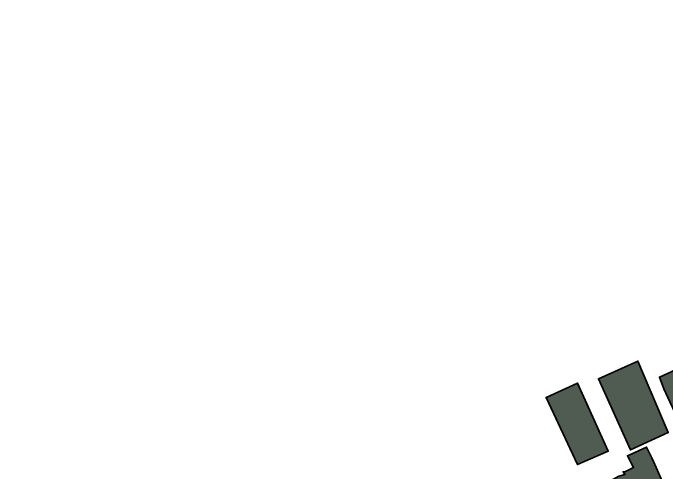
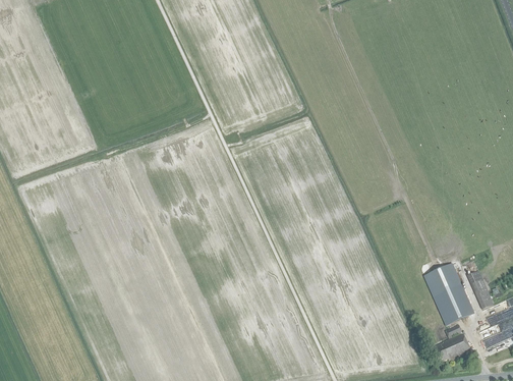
building: [546,383,608,465] -> none

